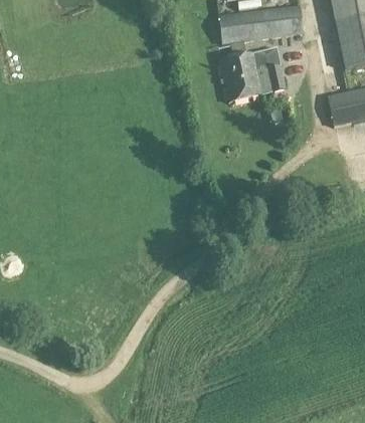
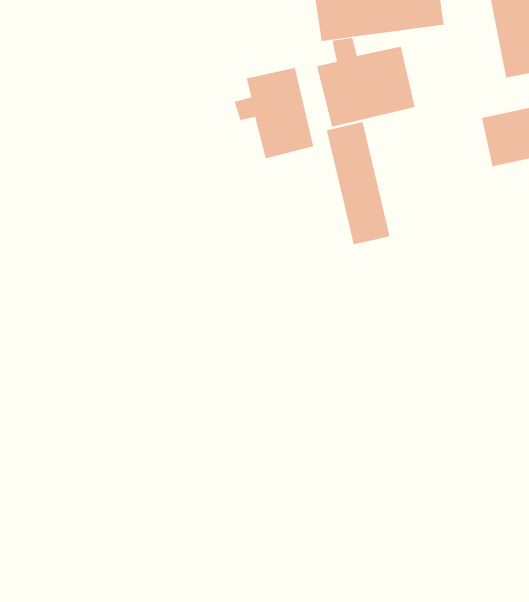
building: none -> [234,67,314,159]
building: none -> [326,121,390,245]

